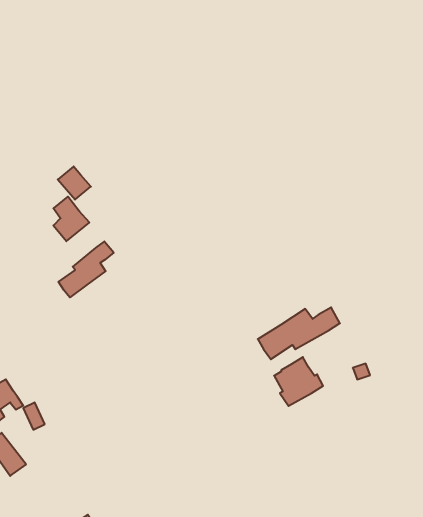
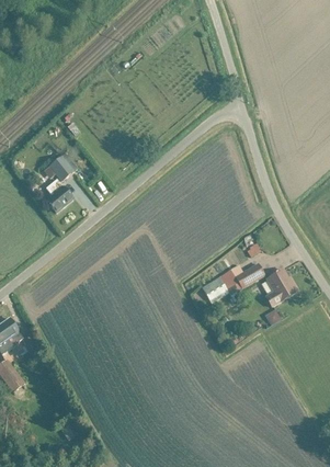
building: [58,241,114,297] -> none
building: [274,357,323,406] -> [261,269,298,306]

